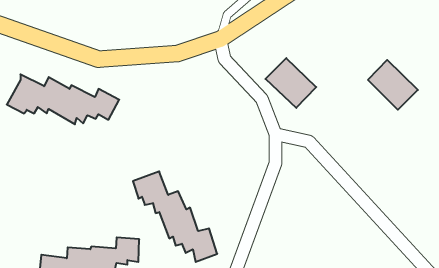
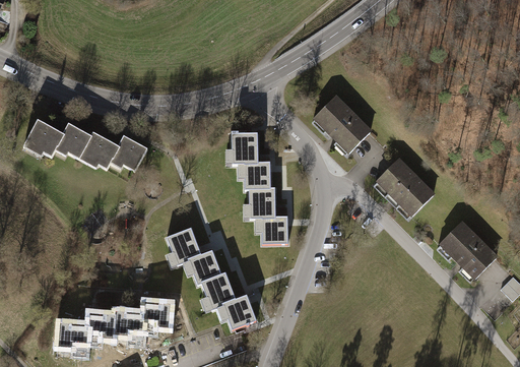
building: [368,60,418,110] -> [376,163,432,219]
building: none -> [226,130,288,242]
building: none -> [438,222,498,282]

